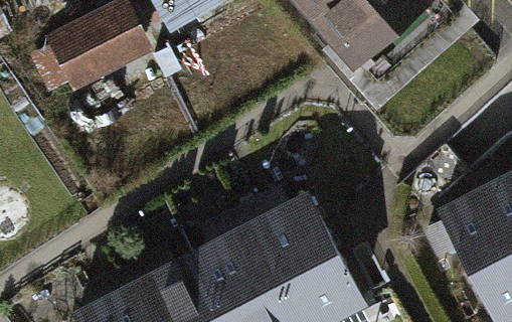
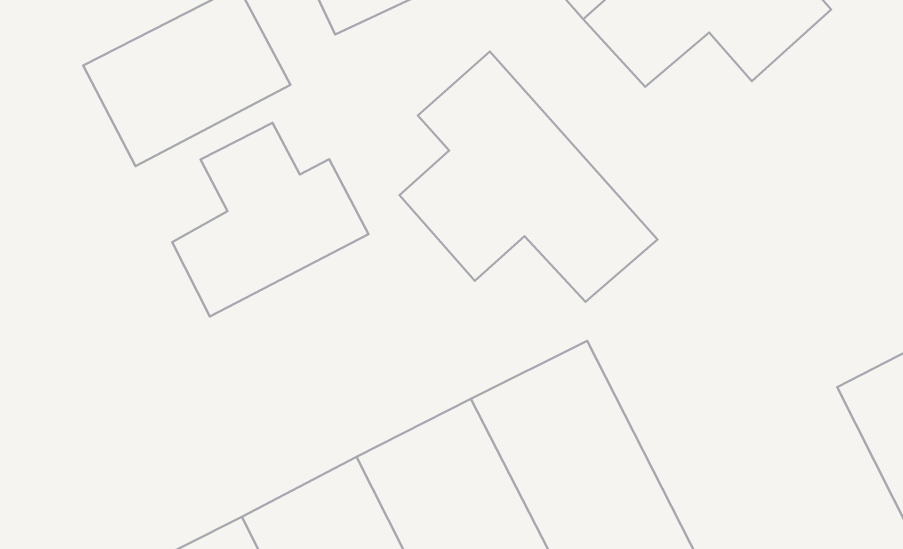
building: none -> [400,51,657,302]
building: none -> [172,123,368,317]

